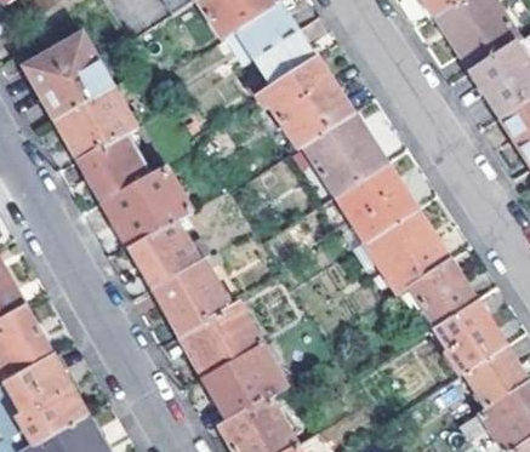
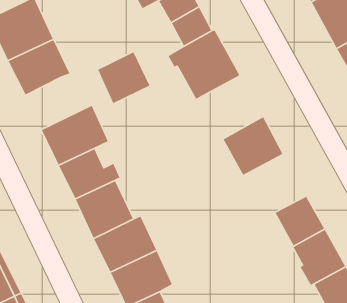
building: [301,114,383,196] -> none
building: [79,132,148,201] -> [97,51,150,104]
building: [361,210,445,293] -> none

